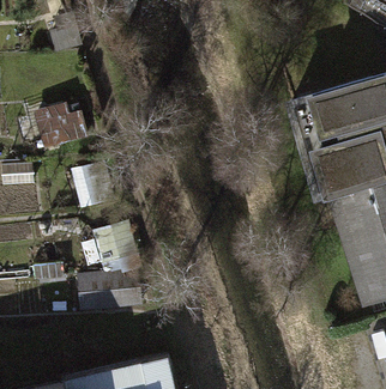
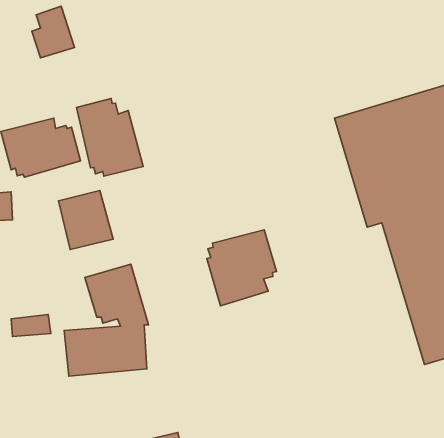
building: none -> [76,99,143,176]
building: none -> [207,230,277,306]

